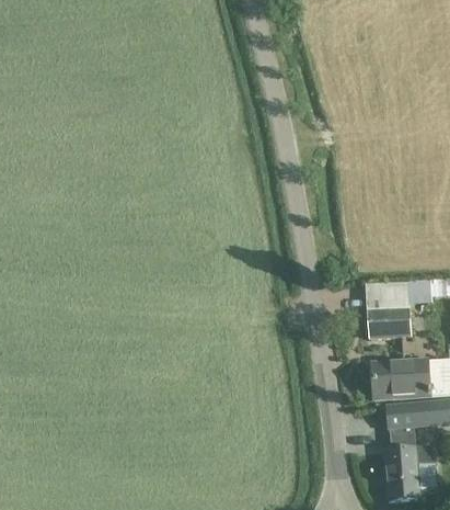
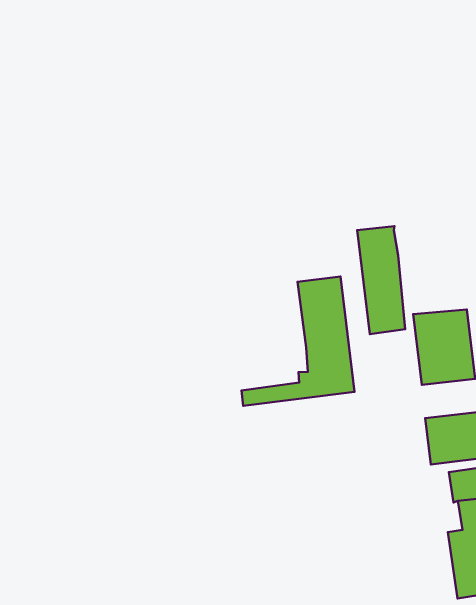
building: none -> [357,226,405,334]
building: none -> [242,276,354,406]

